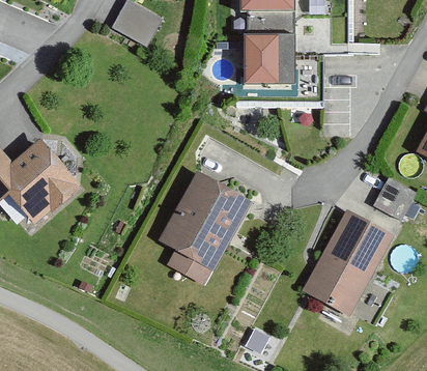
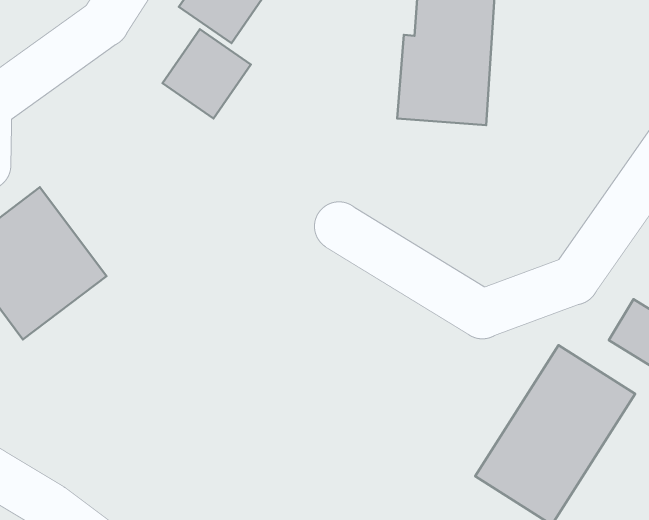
building: none -> [163,29,251,118]
building: [159,172,251,284] -> none

